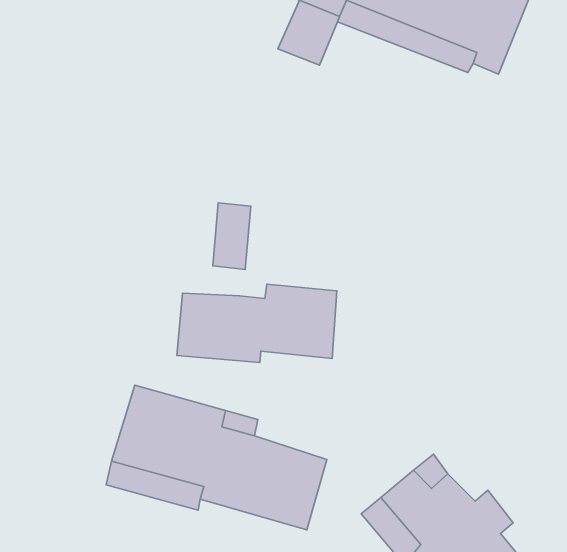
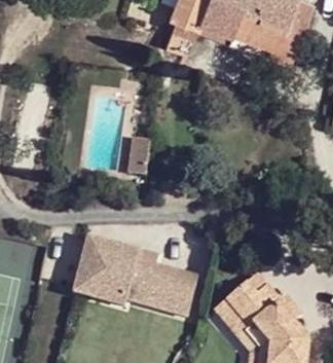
building: [177,284,337,362] -> none

